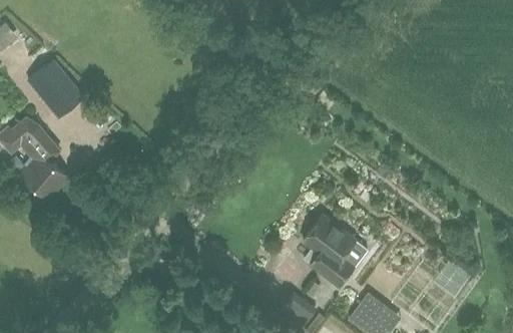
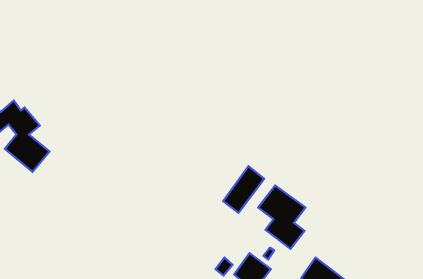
building: [28,60,83,117] -> none
building: none -> [223,166,264,213]

